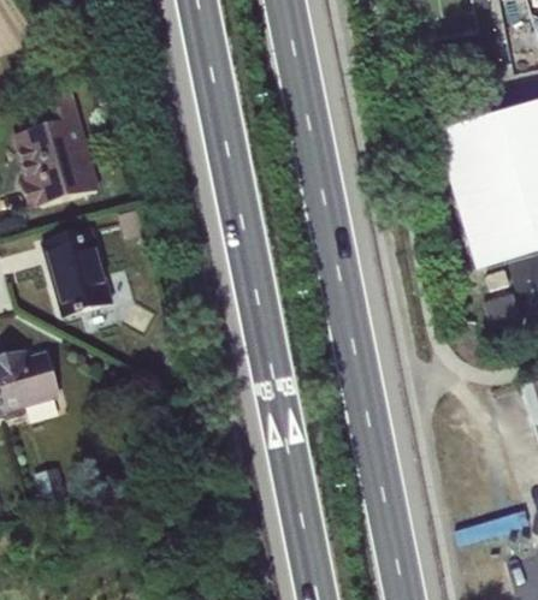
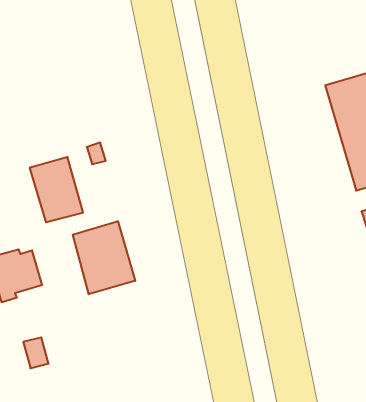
building: [14,90,99,207] -> none
building: none -> [73,221,135,294]

